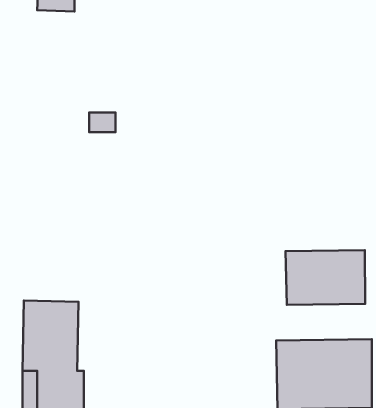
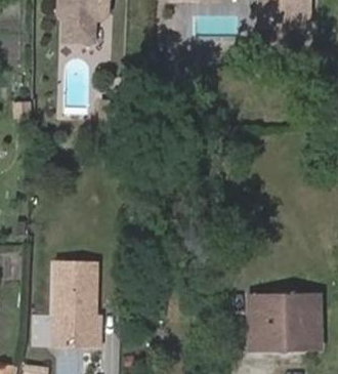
building: [285,250,365,305] -> none

